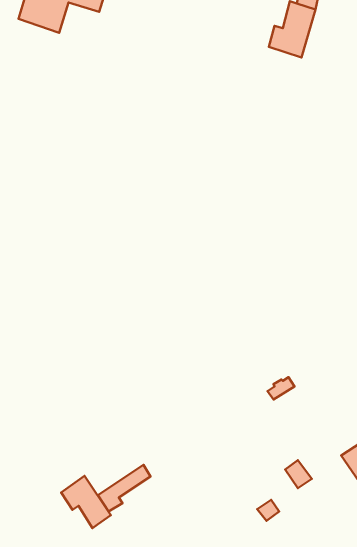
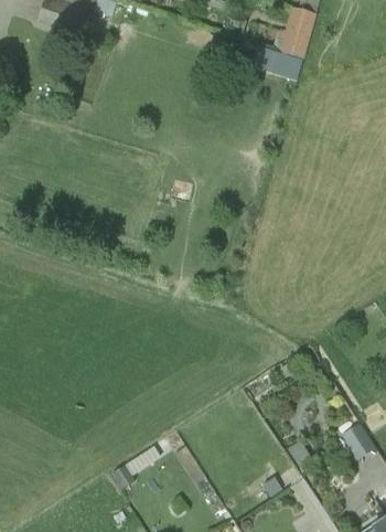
building: none -> [251,44,303,81]
building: [61,476,111,528] -> none

